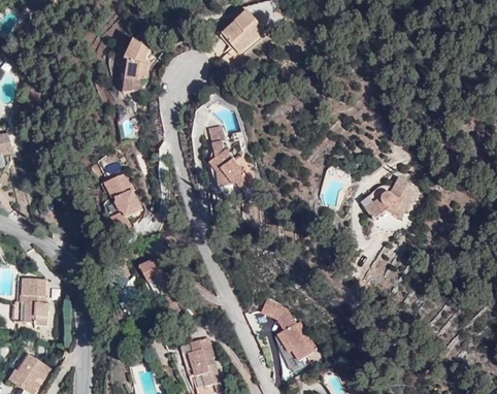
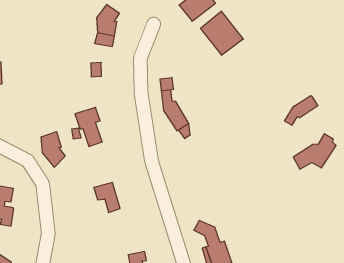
building: none -> [201,11,243,55]
building: none -> [285,96,318,125]
building: none -> [41,132,65,167]

